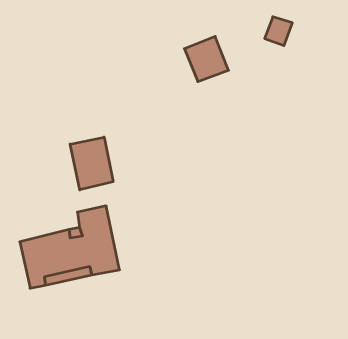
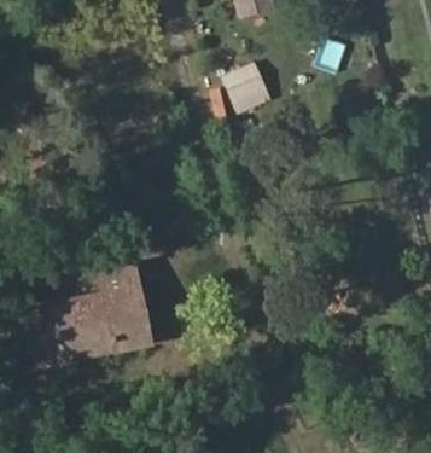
building: [70,137,113,190] -> none

